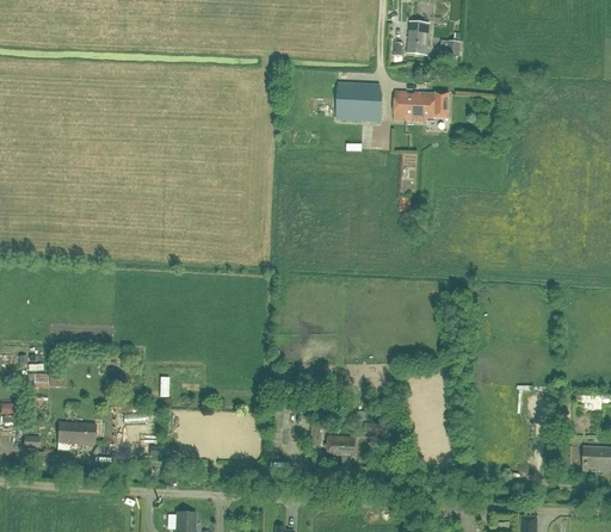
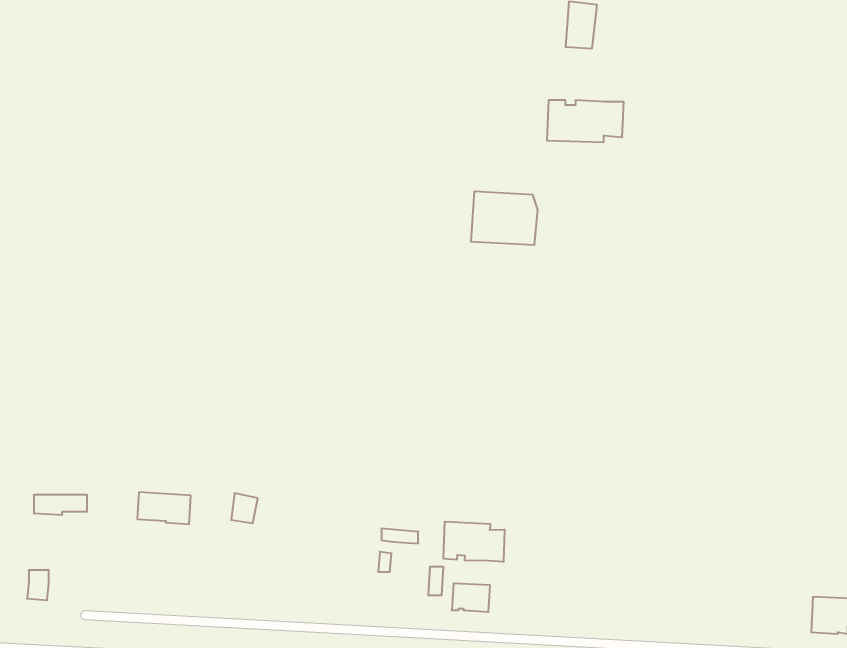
building: [335,82,383,120] -> [471,191,538,245]
building: none -> [444,522,504,562]
building: [56,421,94,444] -> [137,492,191,524]

